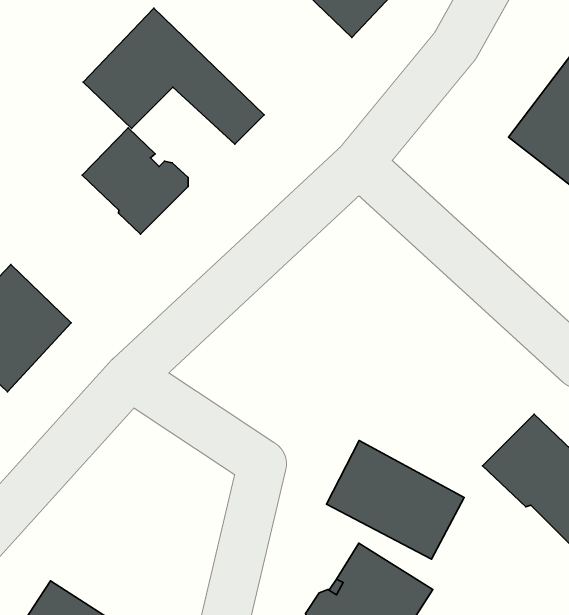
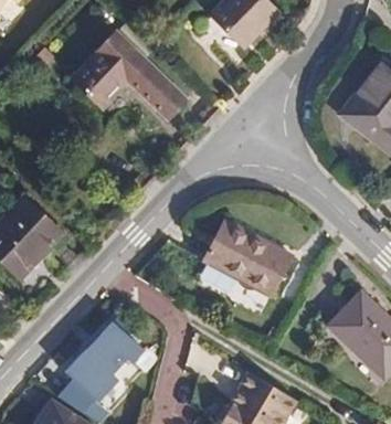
building: [82,128,188,234] -> none
building: [326,441,464,559] -> [203,220,292,296]
building: none -> [56,319,147,414]

